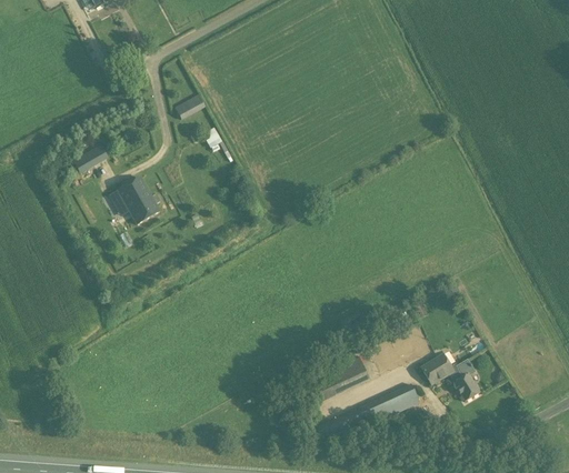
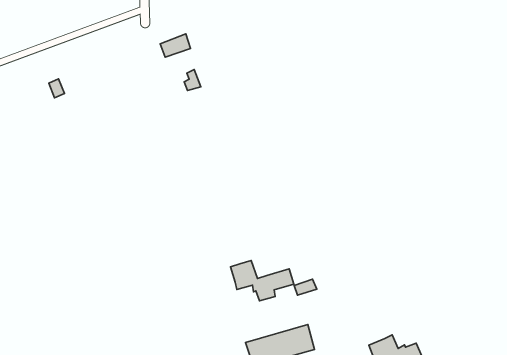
building: [103,175,161,225] -> none
building: none -> [230,261,294,301]

